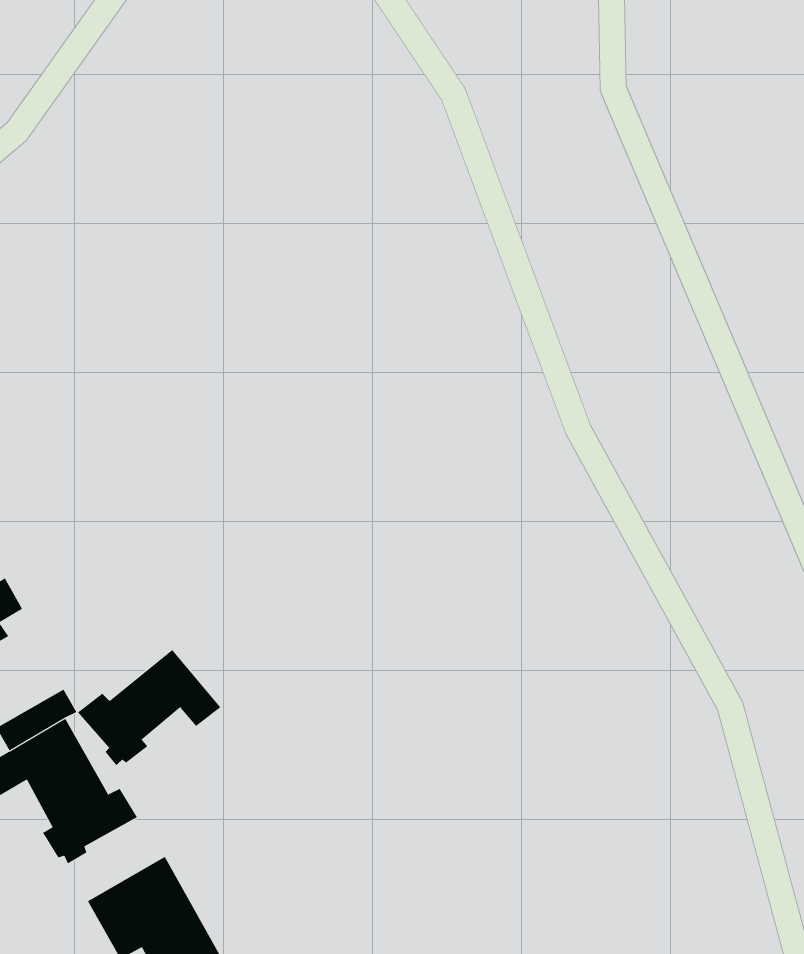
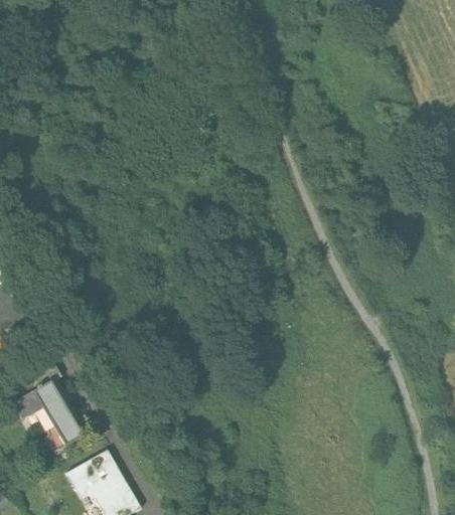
building: [77,649,221,766] -> none

